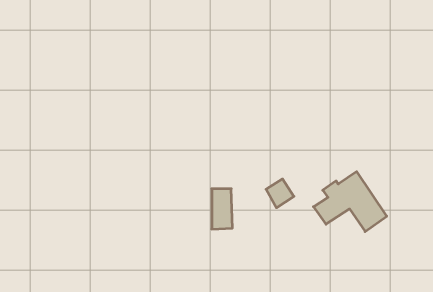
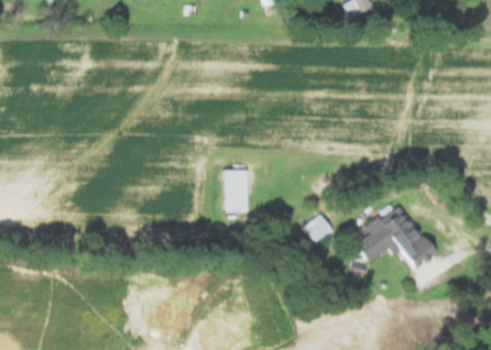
building: [212,189,232,229] -> [223,168,246,211]

